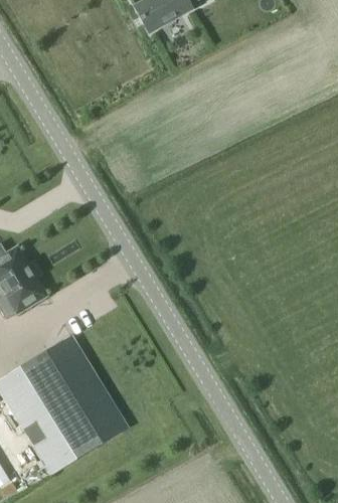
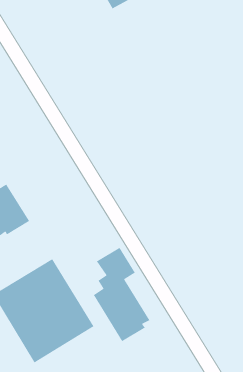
building: none -> [93,247,151,342]

